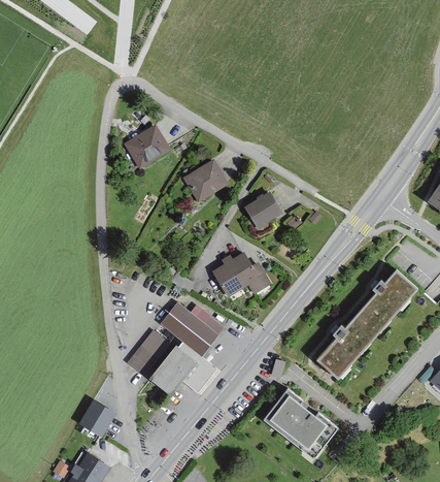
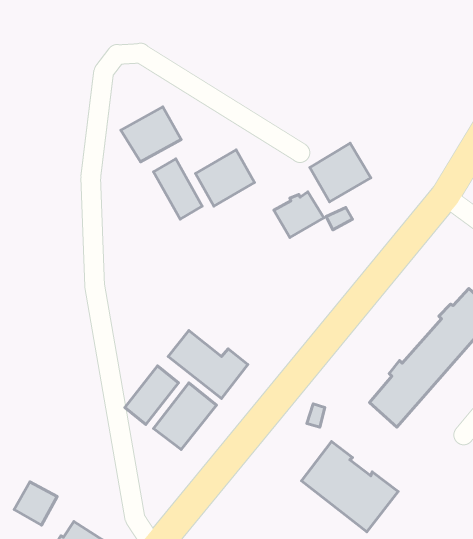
building: none -> [310,143,371,202]
building: none -> [154,159,202,219]
building: [211,252,271,296] -> none
building: [78,401,112,436] -> [14,482,57,525]

